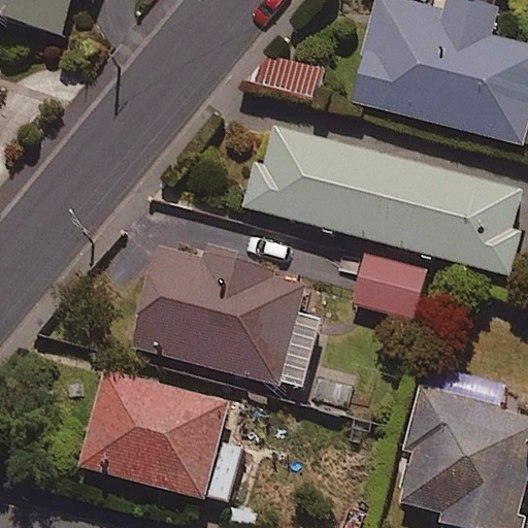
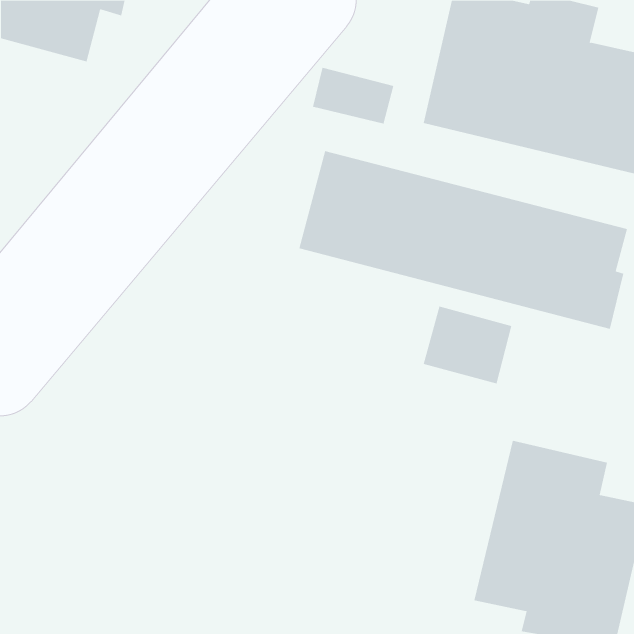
building: [127,242,320,394] -> none
building: [75,366,240,504] -> none

